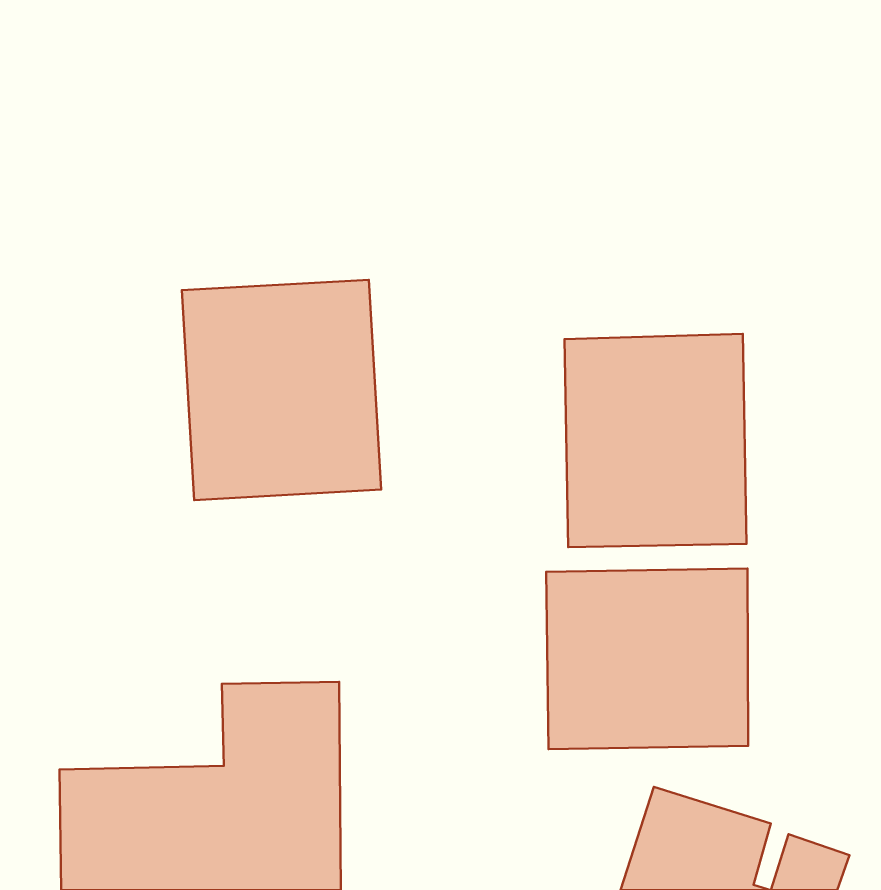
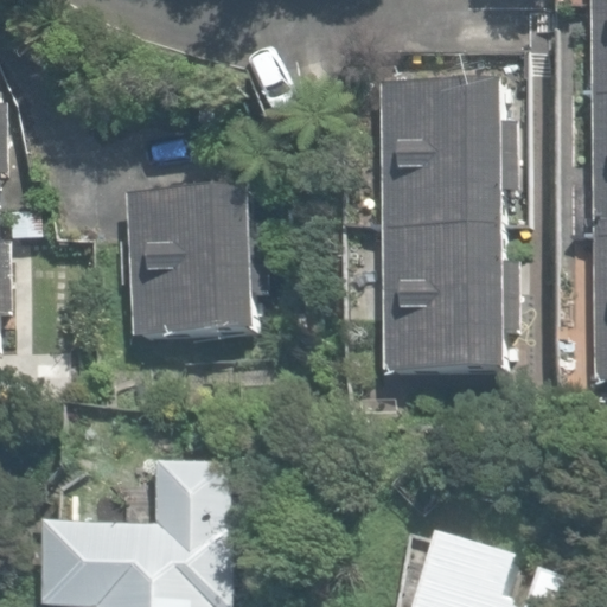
building: none -> [381,84,504,230]
building: [546,568,748,749] -> none

